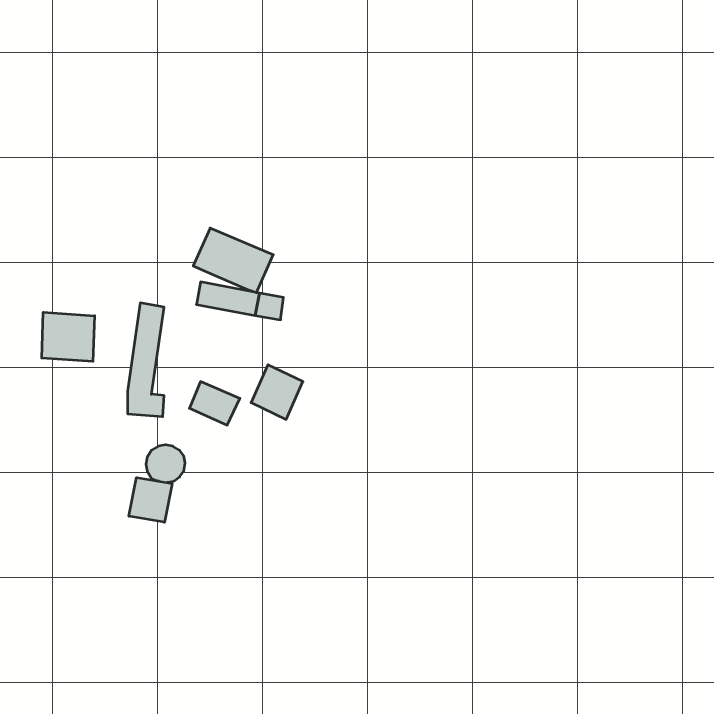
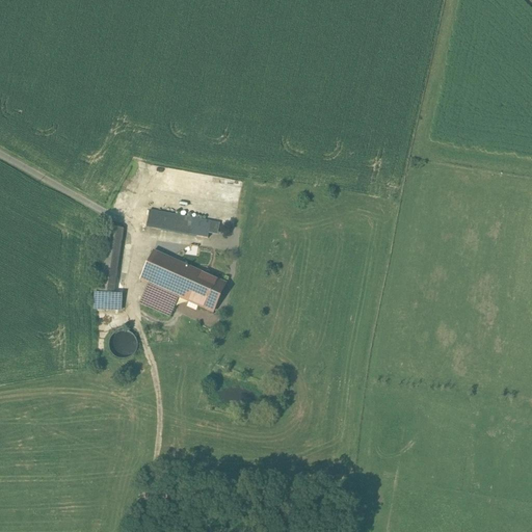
building: [193,228,273,293] -> [141,250,201,298]
building: [42,312,95,361] -> none
building: [129,478,172,522] -> none

